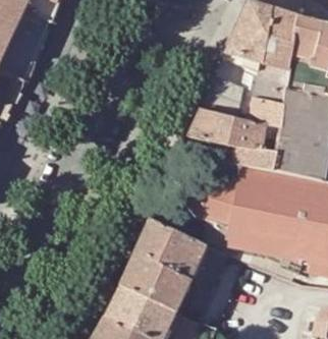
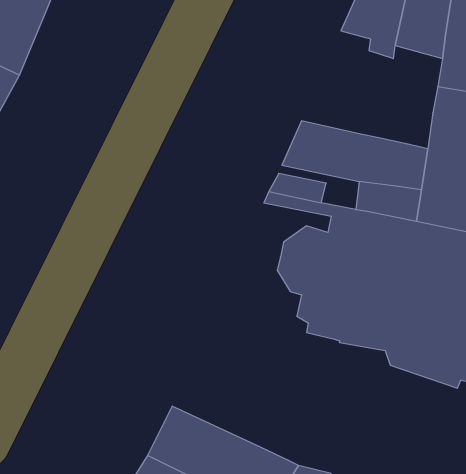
building: [199,57,286,125] -> none
building: [118,219,226,319] -> none

